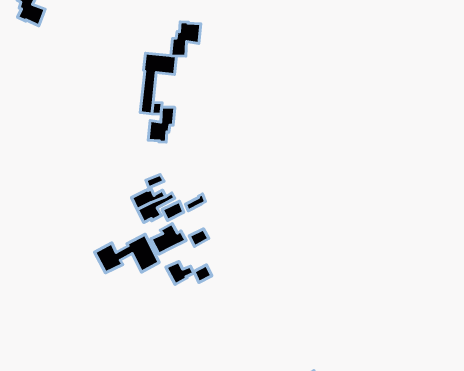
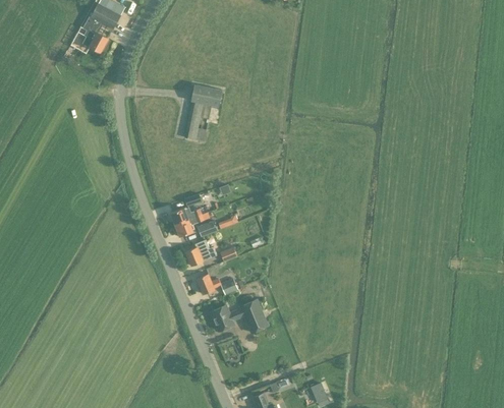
building: [171,22,201,56] -> none
building: [148,107,175,142] -> none
building: [95,234,159,273] -> [211,299,268,333]

